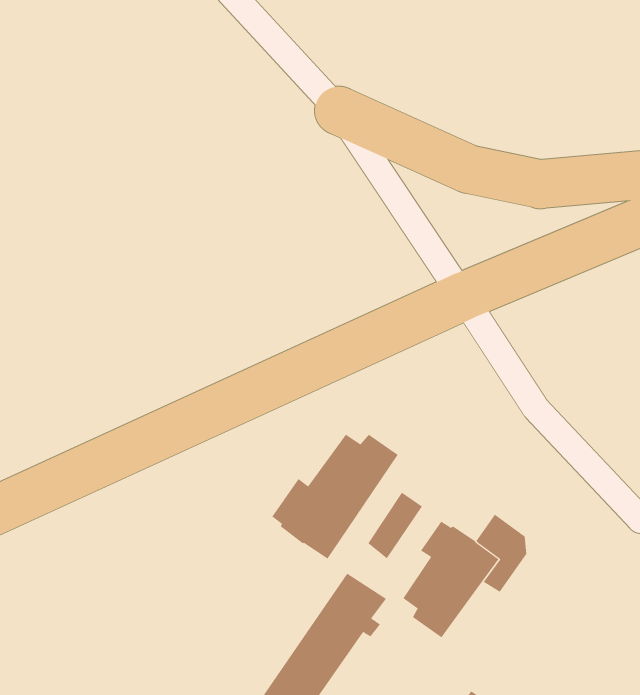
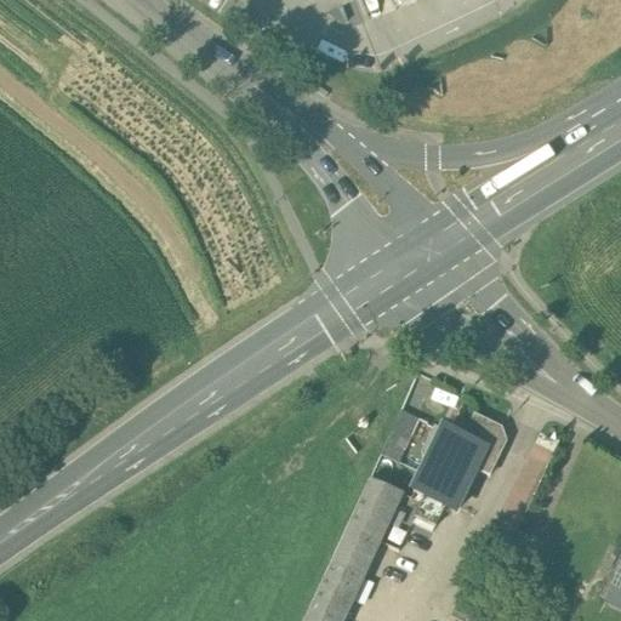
building: [272,434,399,559] -> none

